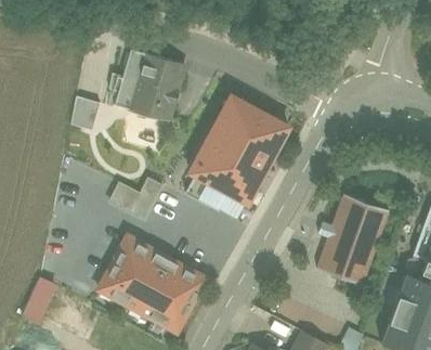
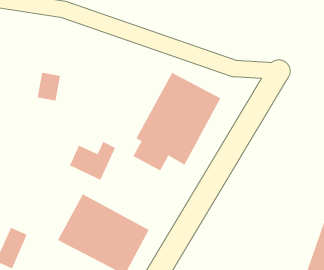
building: [126,55,182,120] -> none
building: [317,194,396,287] -> none

